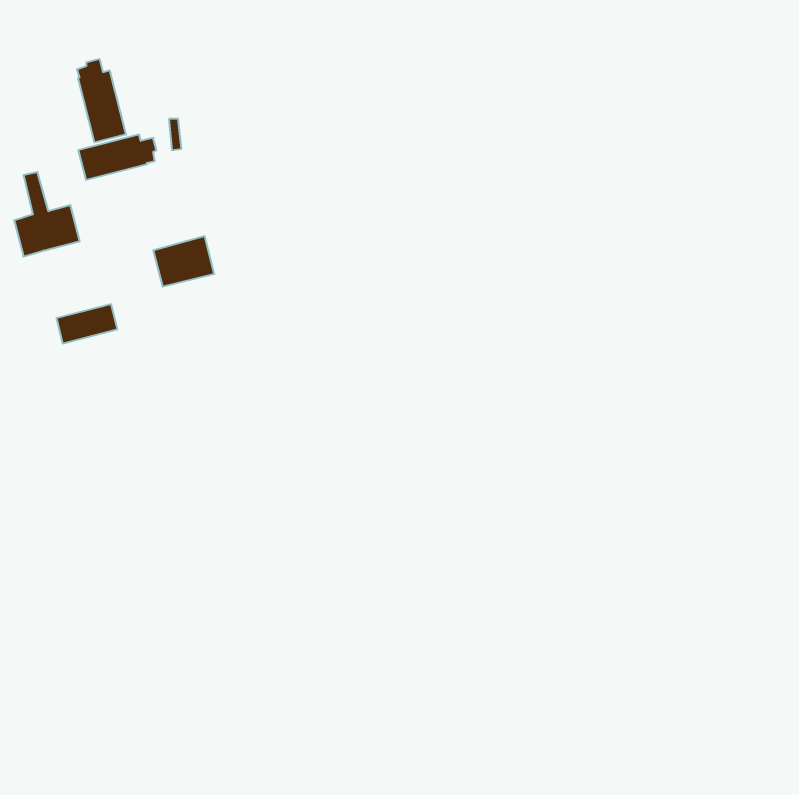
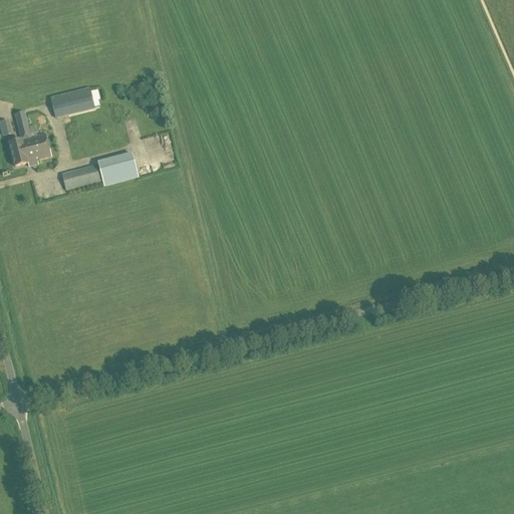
building: [77,59,126,142] -> none
building: [56,304,117,343] -> [61,164,100,189]

